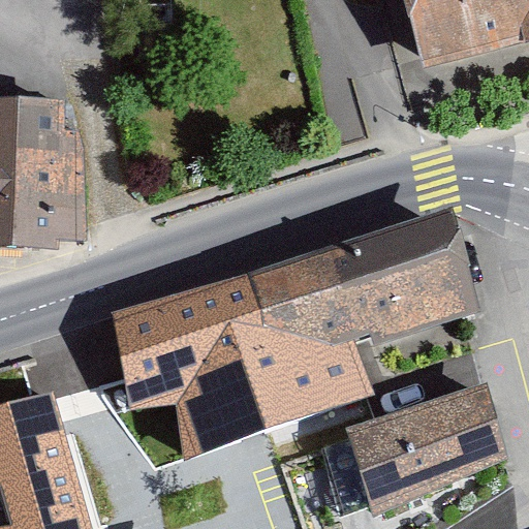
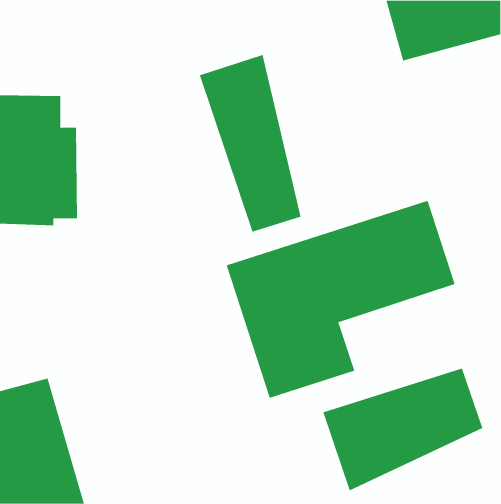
building: none -> [199,54,301,233]
building: [114,278,282,461] -> none

